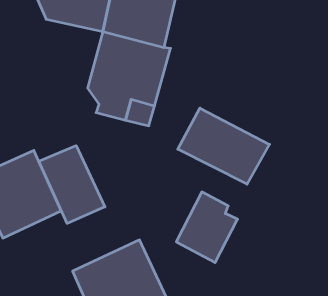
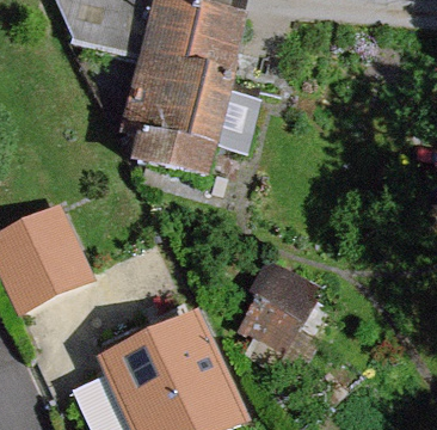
building: [178,108,270,184] -> none
building: [39,146,105,223] -> none

